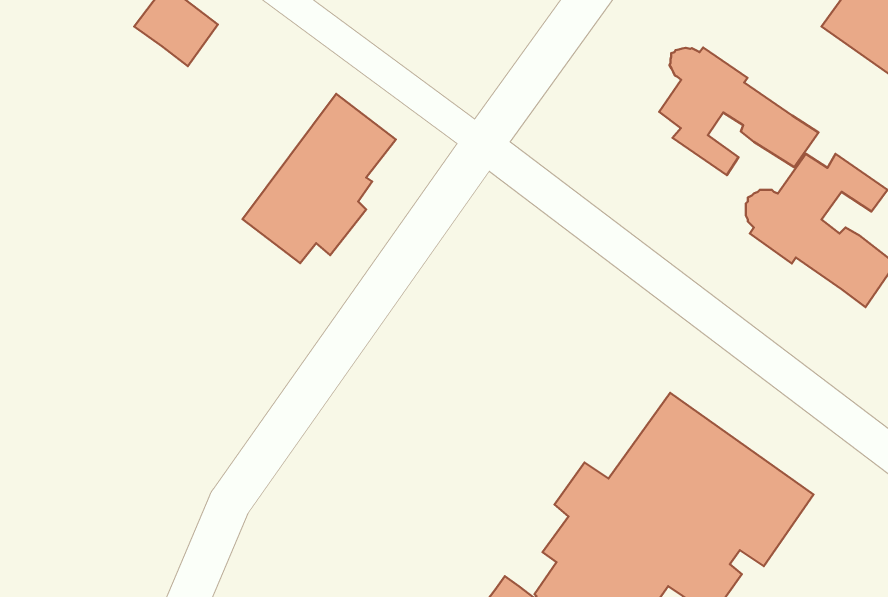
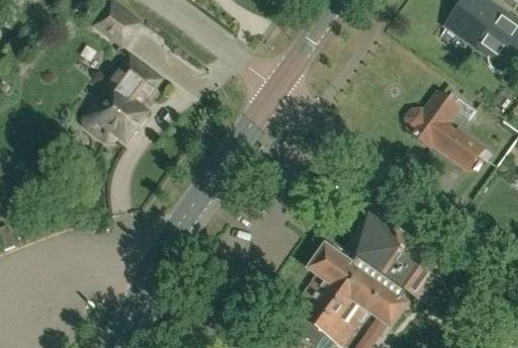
building: [659,48,819,175] -> none
building: [242,94,396,263] -> [85,59,163,145]

